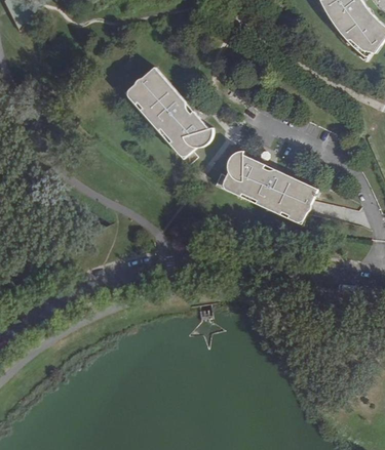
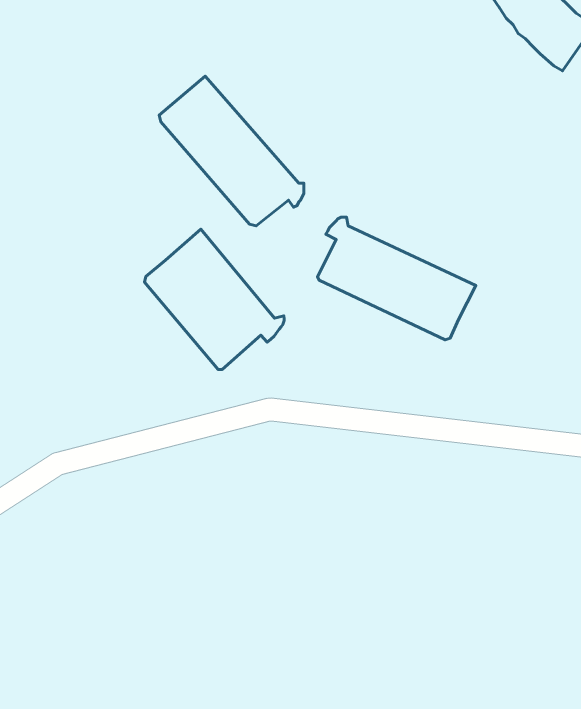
building: none -> [144,229,284,370]

